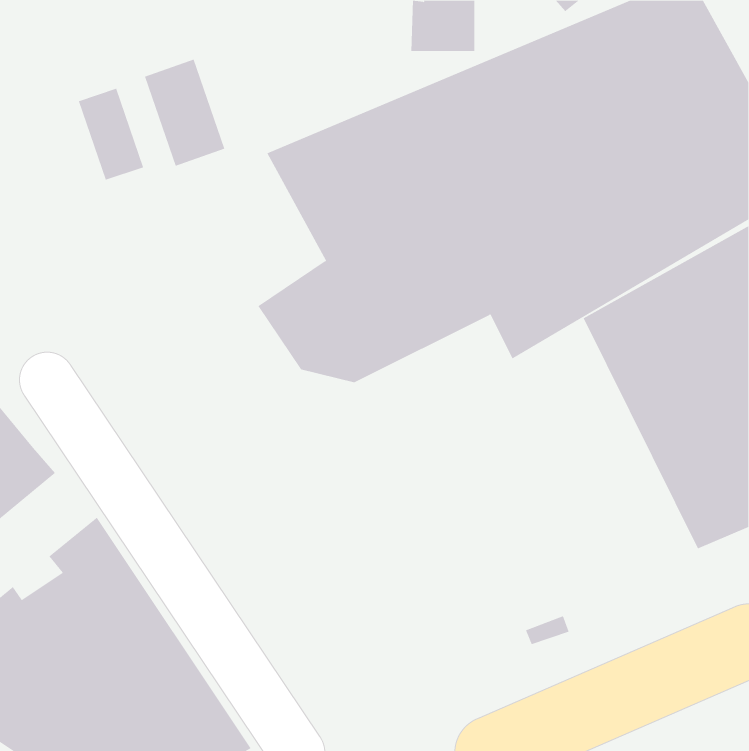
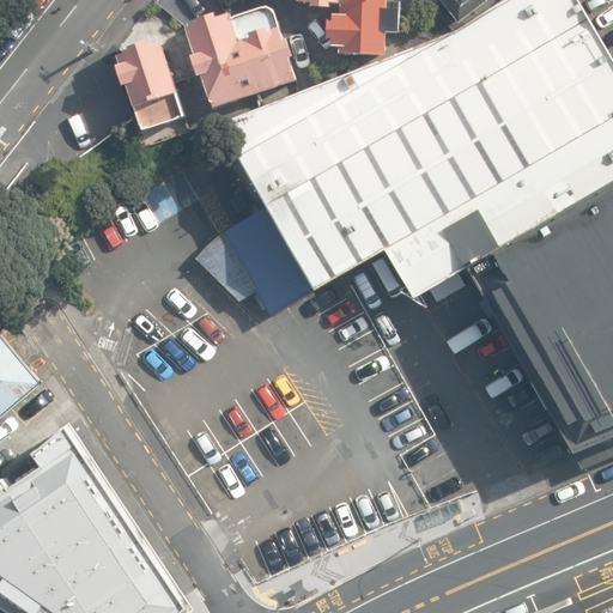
building: none -> [189,12,295,109]
building: [78,88,144,181] -> none

